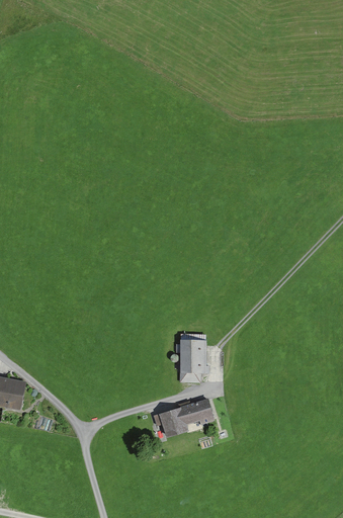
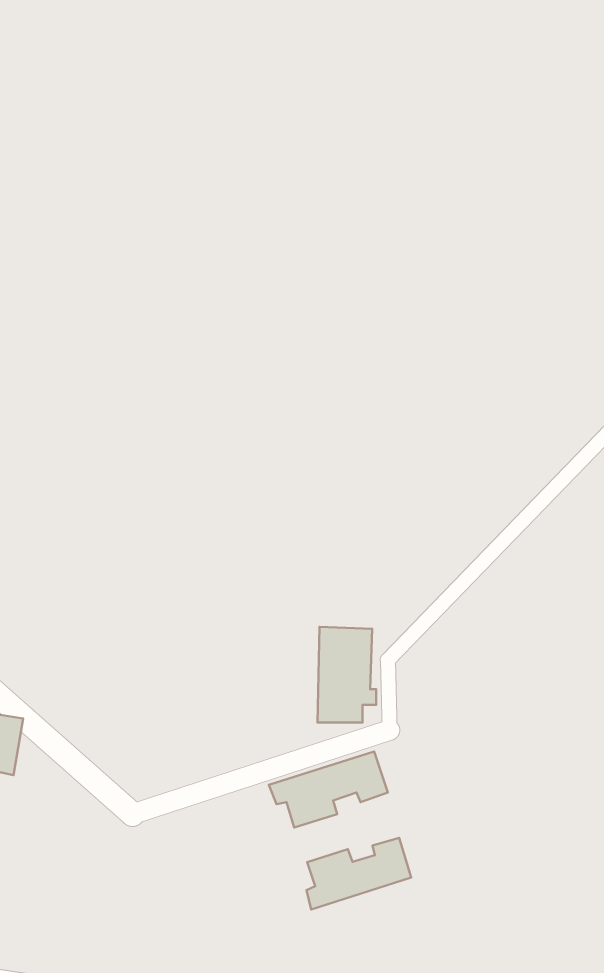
building: none -> [306,838,411,910]

